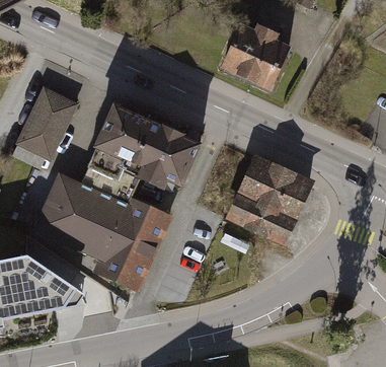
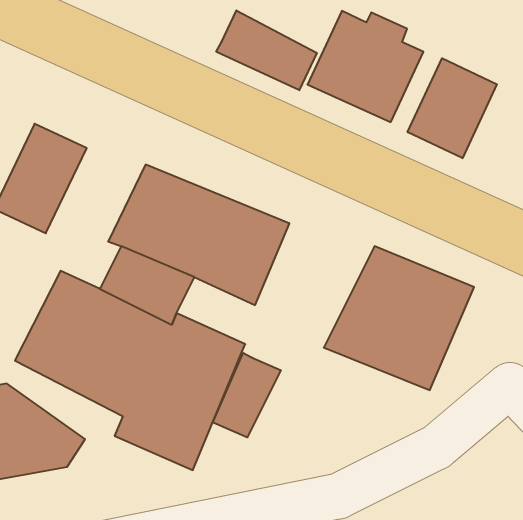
building: none -> [216,10,317,90]
building: none -> [408,58,497,158]
building: none -> [213,353,281,437]

